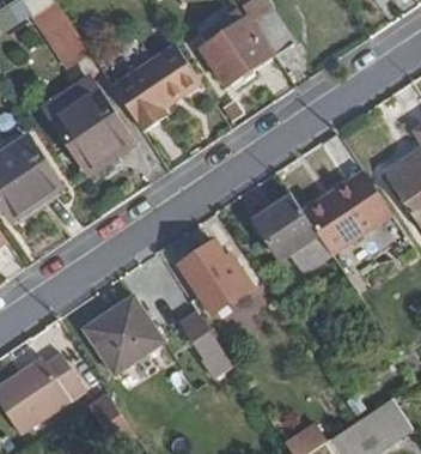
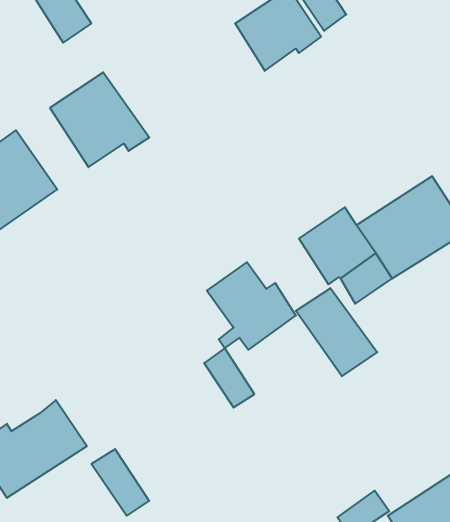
building: [111,40,201,128] -> none
building: none -> [296,288,377,376]
building: [81,295,161,373] -> none

